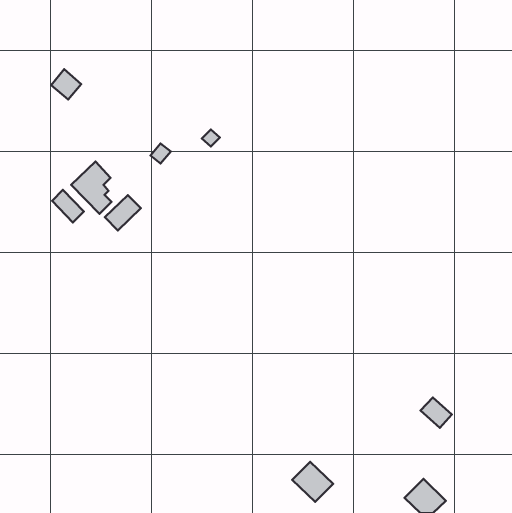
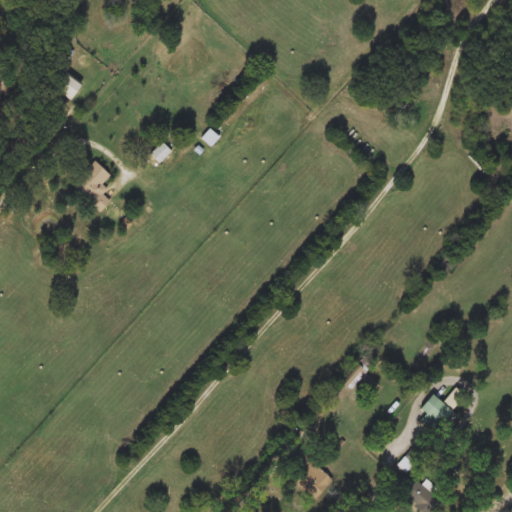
building: [52,190,84,222] -> none
building: [105,195,141,230] -> none

